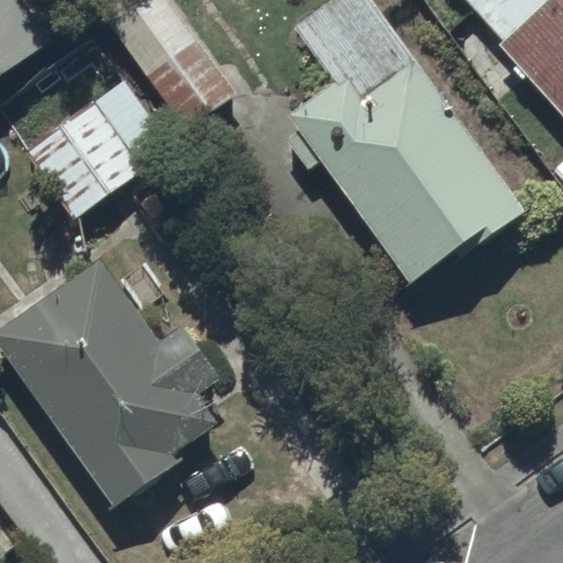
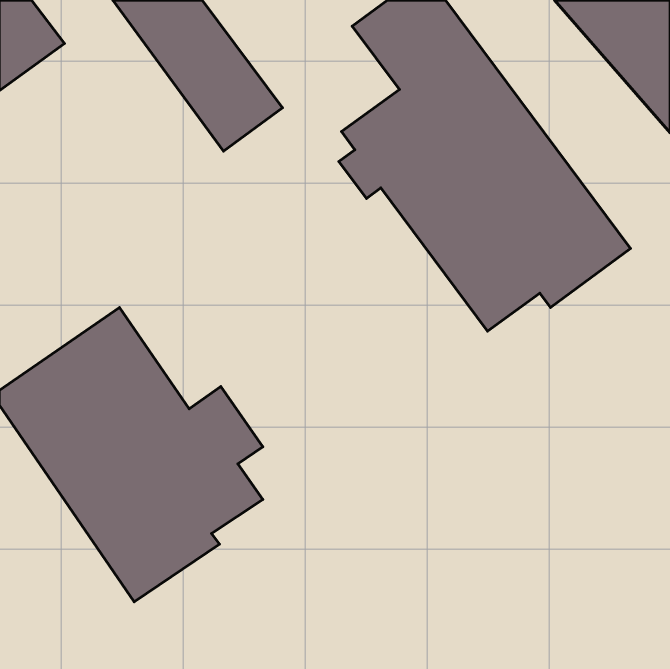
building: [25,79,173,219] -> none

